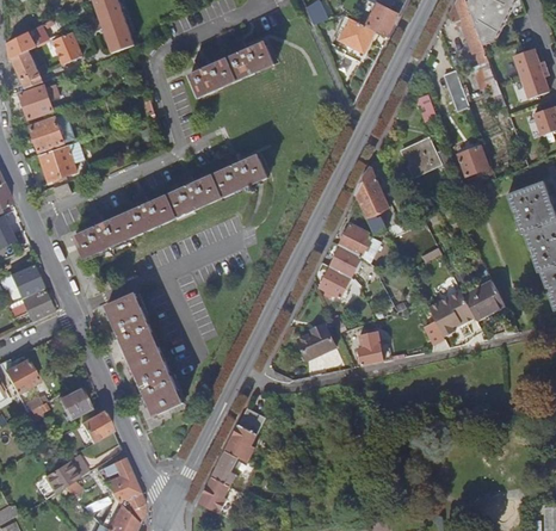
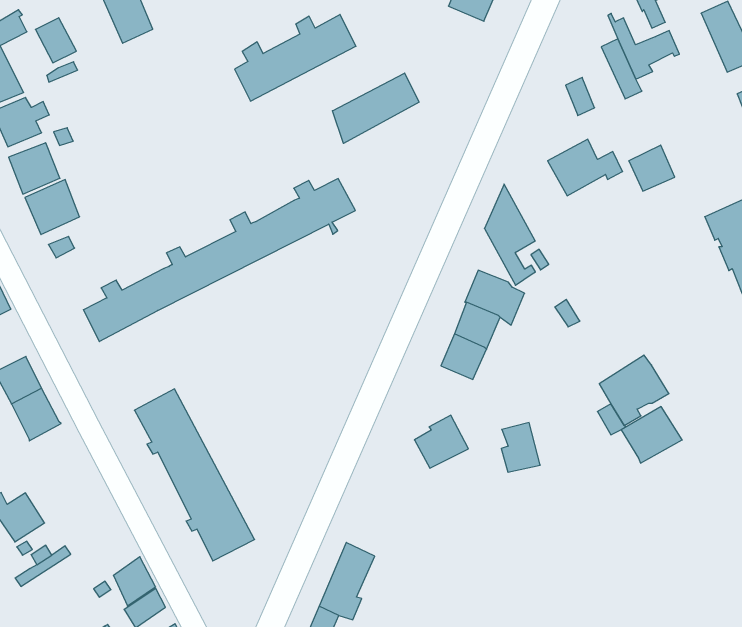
building: none -> [332,73,419,143]
building: [464,283,506,321] -> [621,407,682,463]
building: [58,387,89,418] -> none

